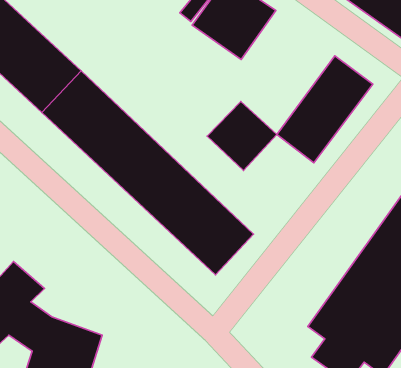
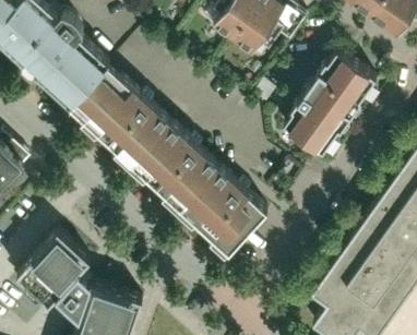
building: [207,102,277,170] -> none

